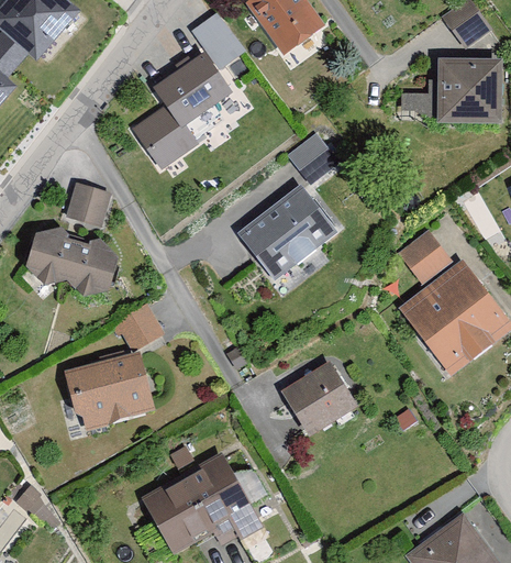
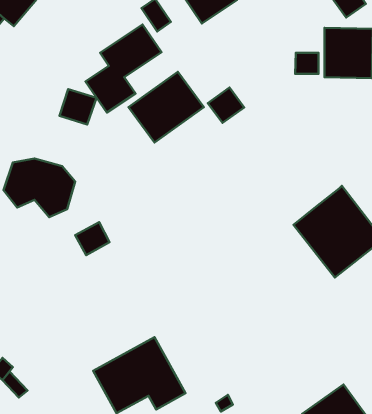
building: [64,179,111,224] -> [60,89,97,124]
building: [238,187,334,277] -> [129,72,204,143]
building: [401,231,456,287] -> none
building: [64,355,147,423] -> none
building: [281,363,353,431] -> none

